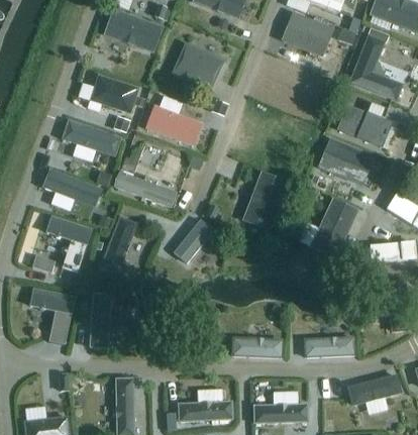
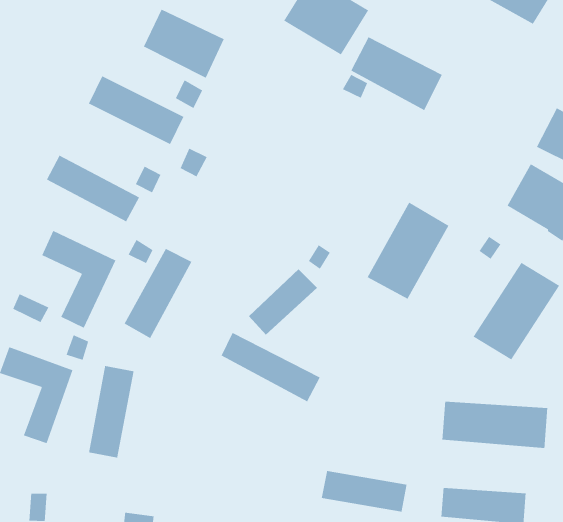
building: [146,105,202,145] -> [350,36,443,111]
building: [115,171,177,207] -> [220,332,321,403]
building: none -> [441,401,548,449]

